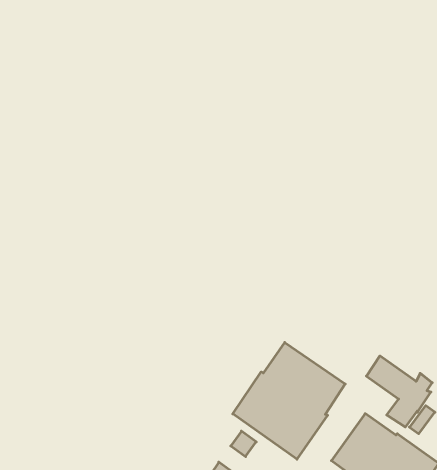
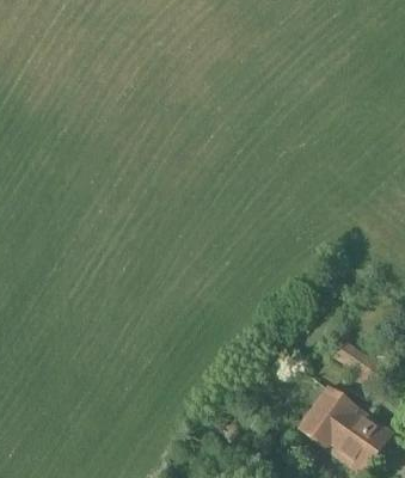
building: [233,342,345,459] -> none

